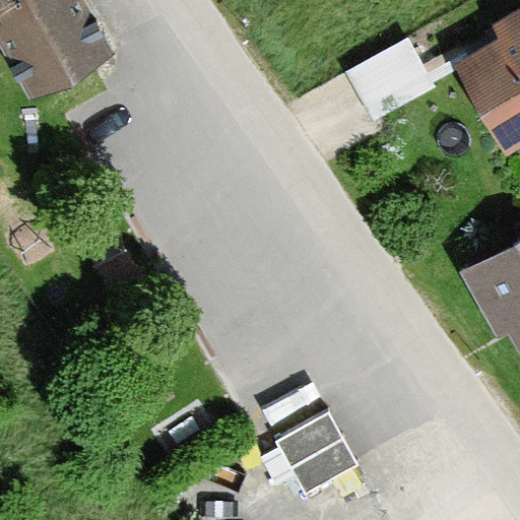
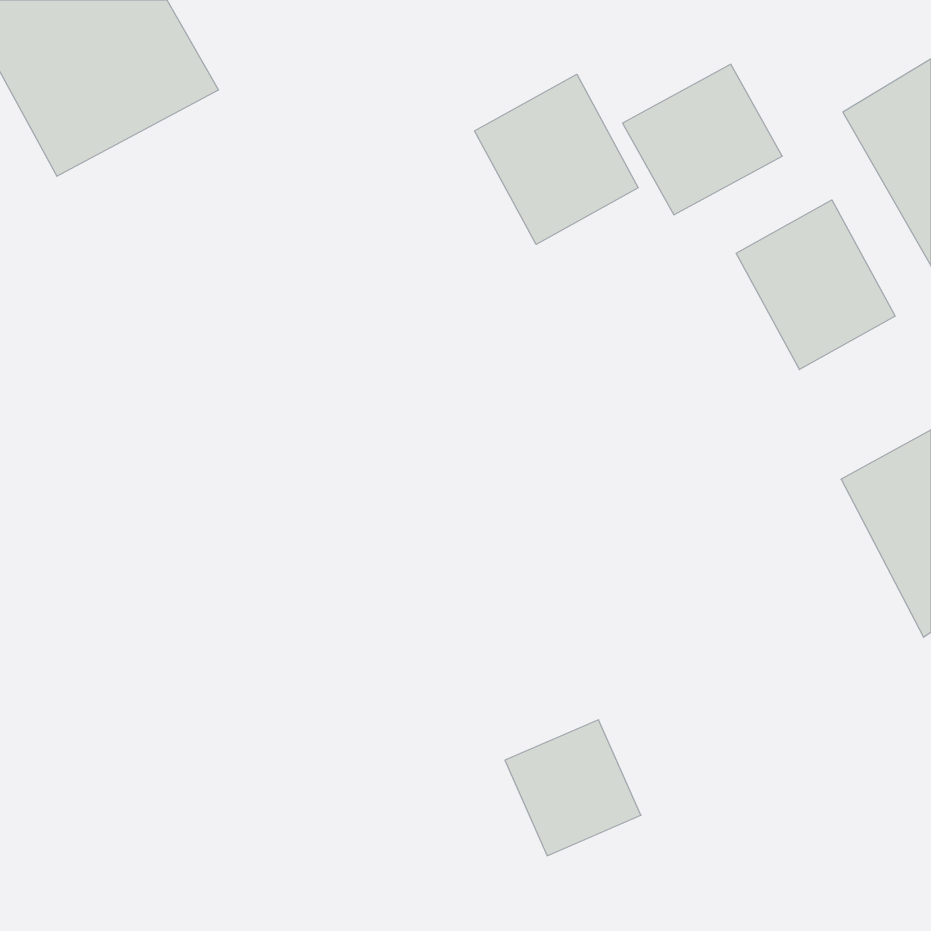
building: none -> [475,74,638,244]
building: none -> [736,200,895,370]

